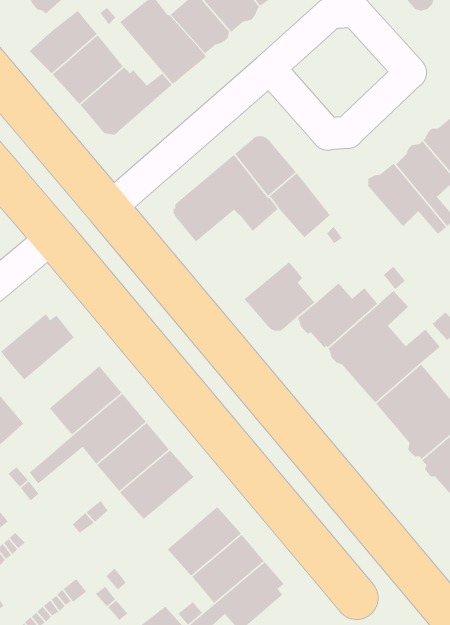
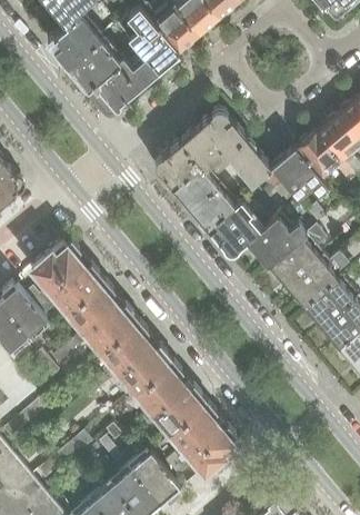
building: none -> [272,147,329,200]
building: none -> [172,166,240,230]
building: none -> [36,258,102,317]
building: none -> [134,359,188,412]

